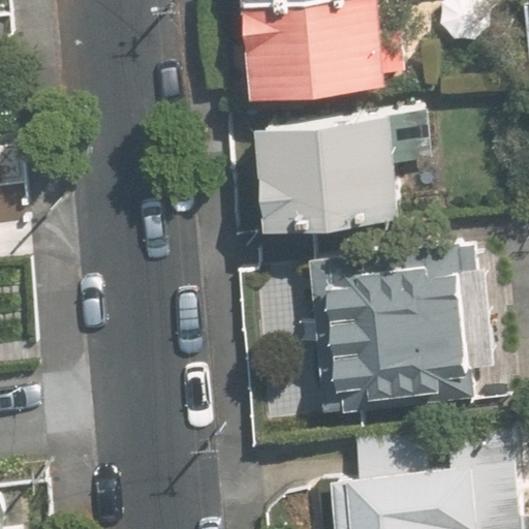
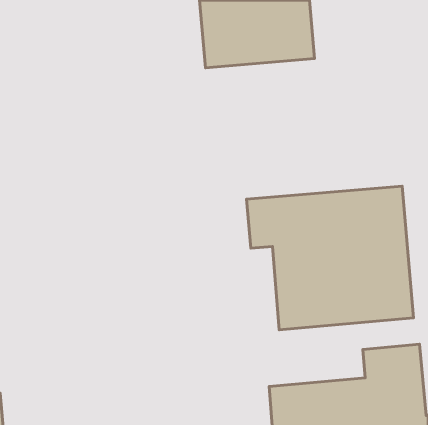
building: [260,119,405,231] -> none

